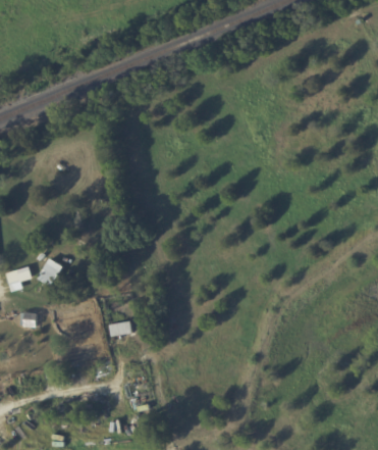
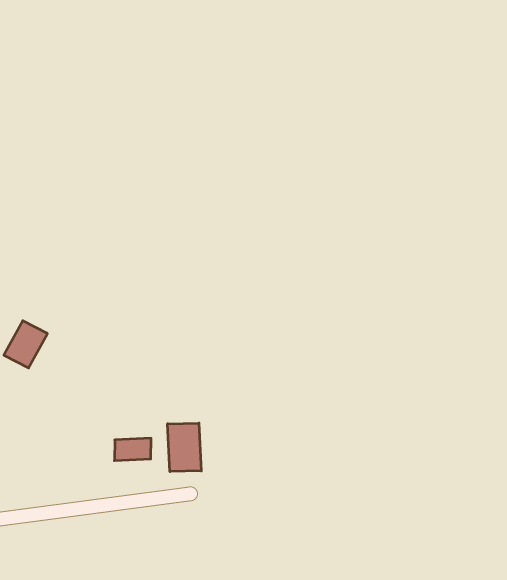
building: none -> [168,423,201,472]

